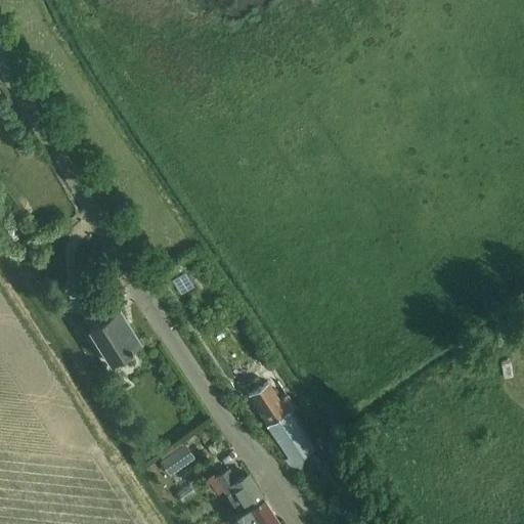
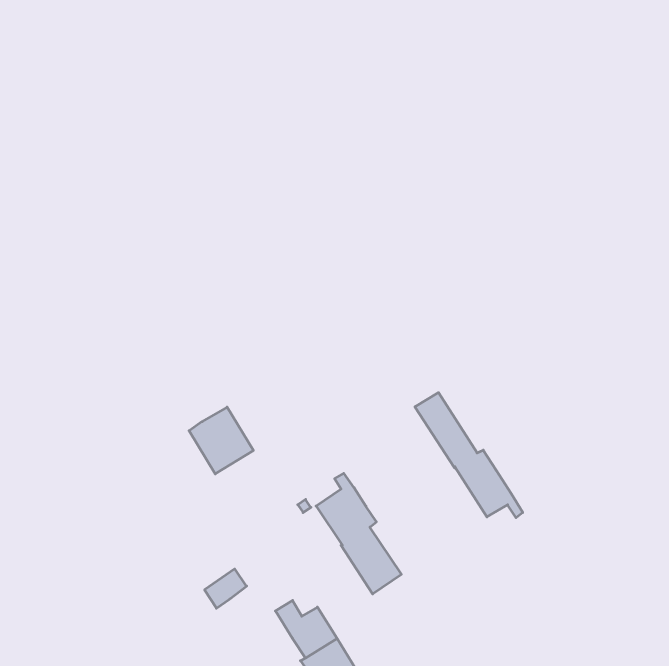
building: none -> [415,393,523,518]
building: [90,314,140,366] -> [189,407,253,474]

